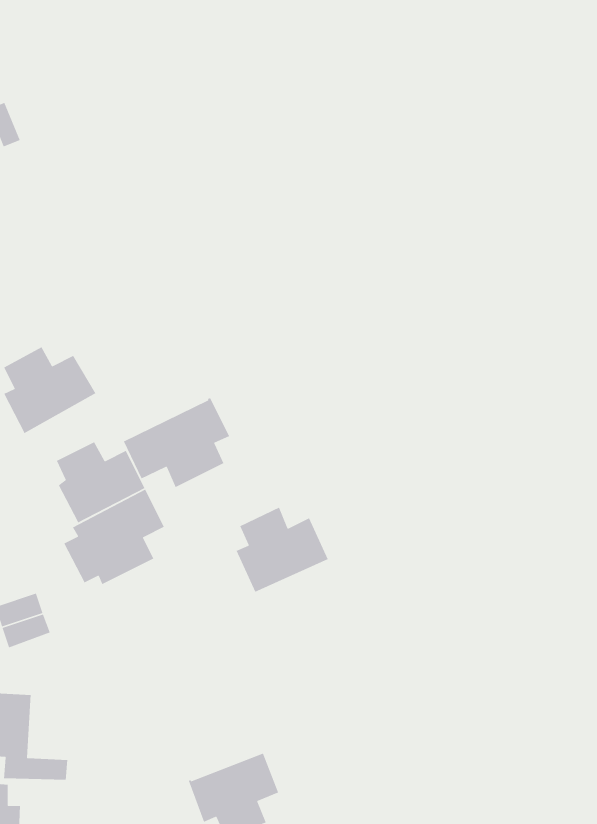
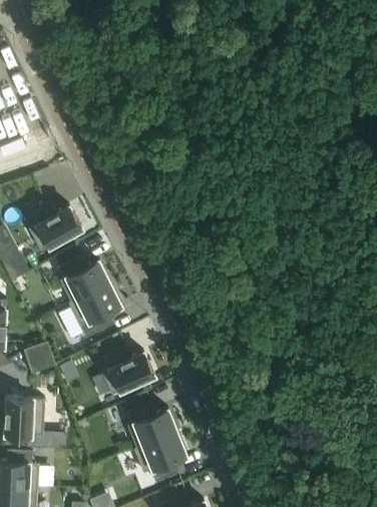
building: [123,397,230,488] -> none
building: [236,507,329,593] -> [101,348,154,397]
building: none -> [127,405,177,451]

